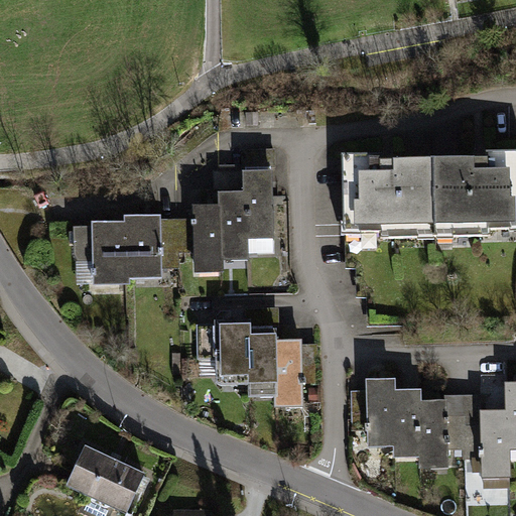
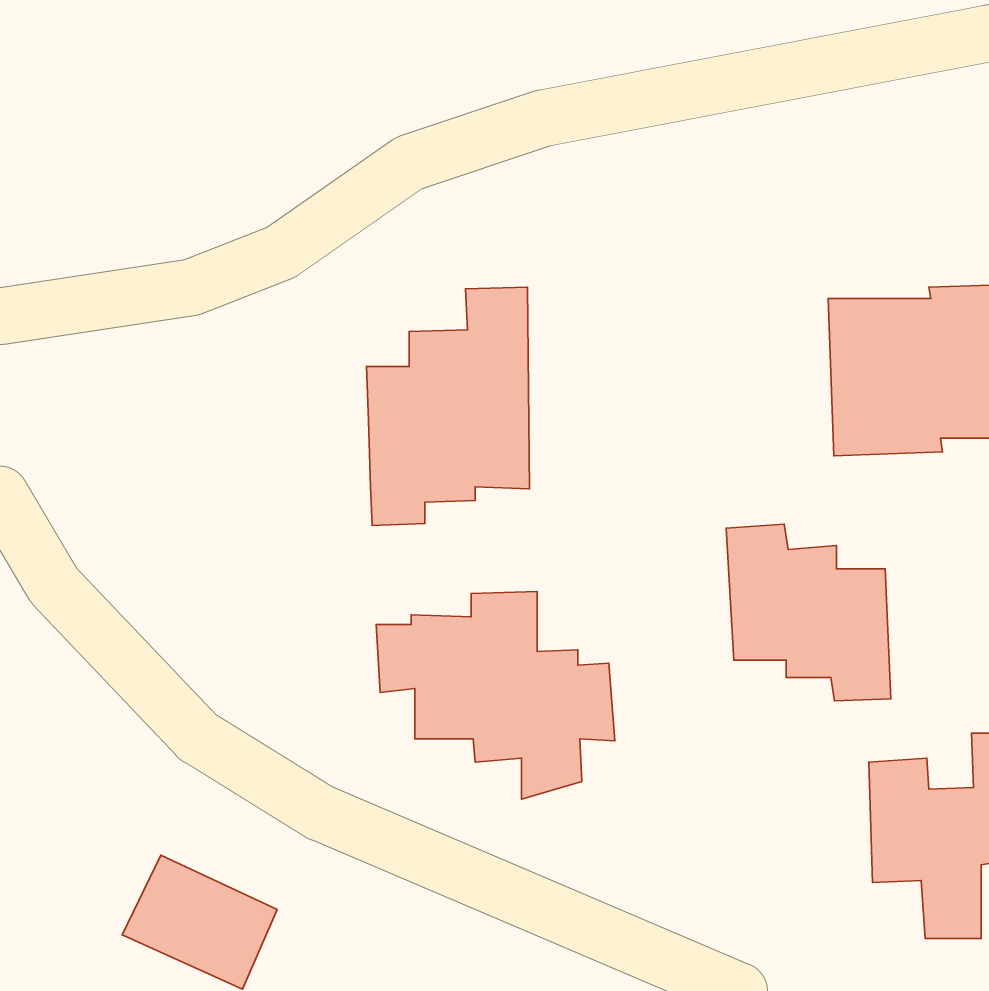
building: [342,151,434,237] -> none
building: [75,215,194,285] -> none
building: [364,377,449,469] -> [726,524,891,701]

